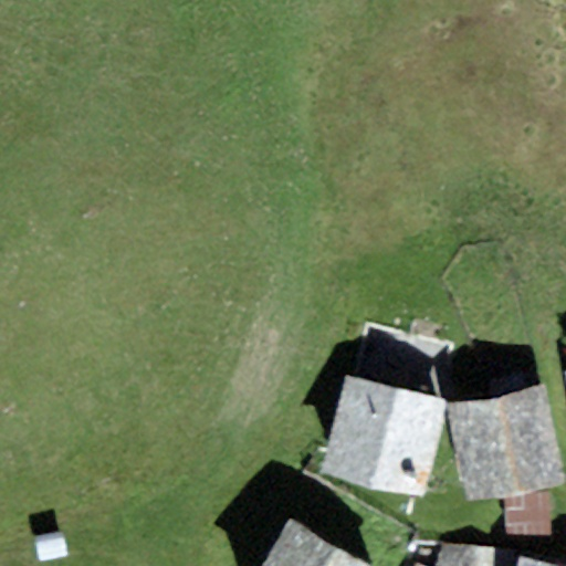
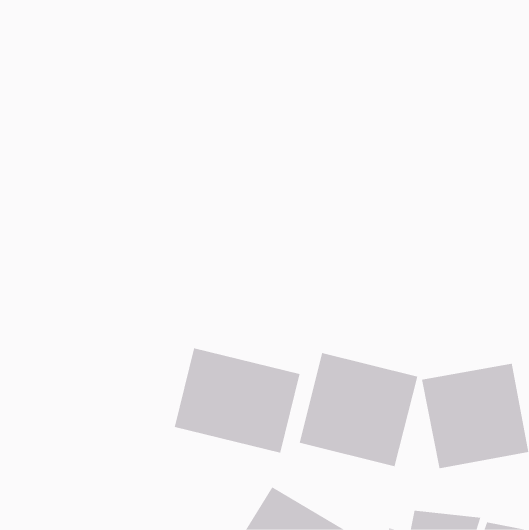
building: none -> [174,348,300,453]

